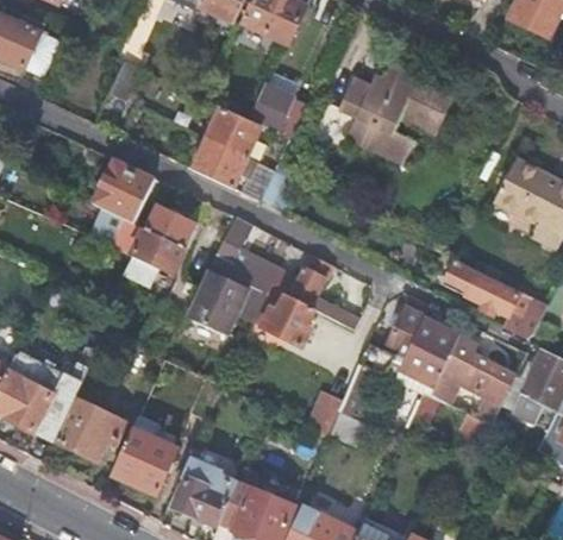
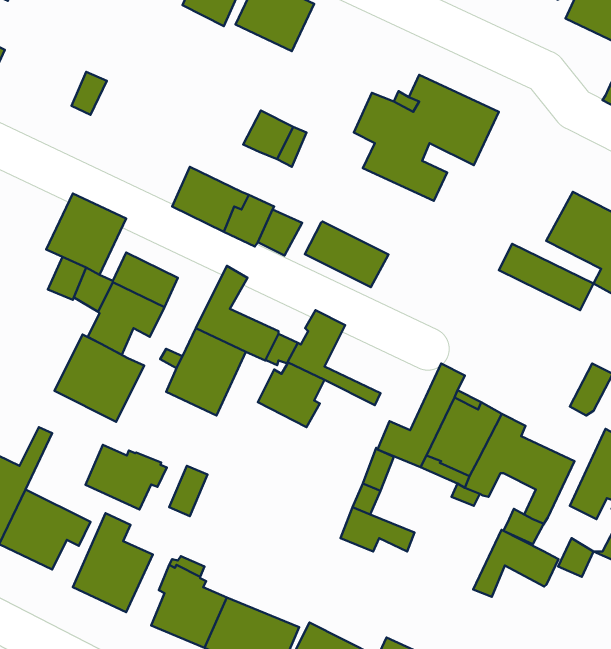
building: [206,106,262,157] -> none
building: none -> [305,222,388,287]
building: [440,262,517,315] -> [499,244,594,310]
building: none -> [54,334,144,422]
building: none -> [86,445,167,510]
building: none -> [473,530,558,597]

